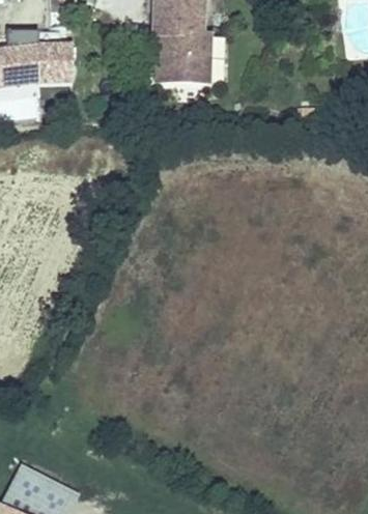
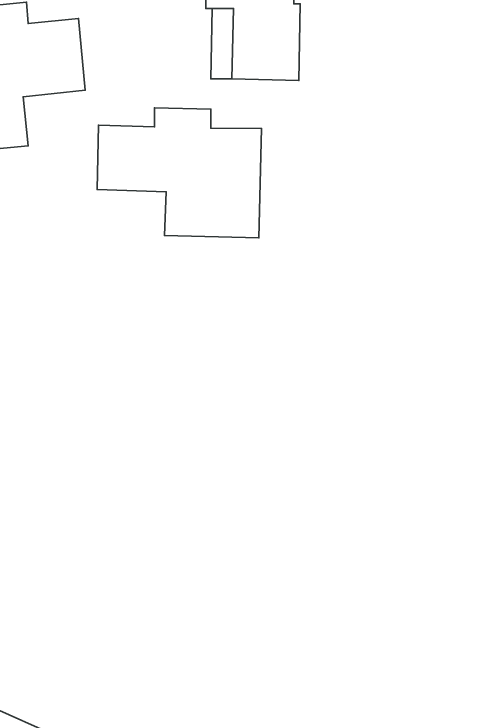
building: none -> [97,108,261,238]

